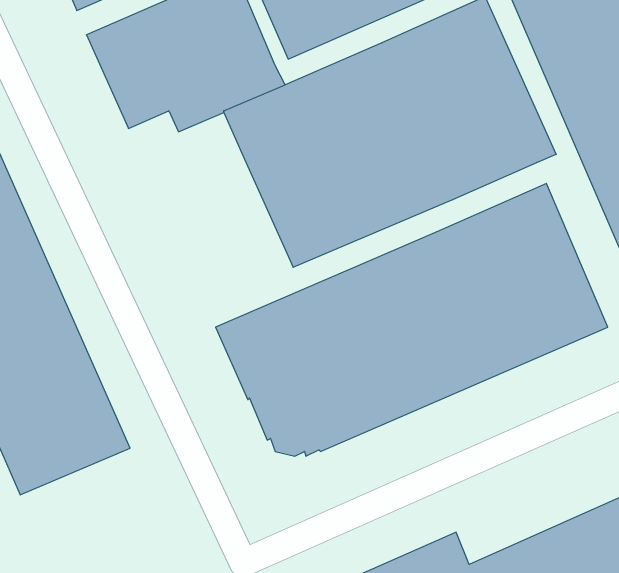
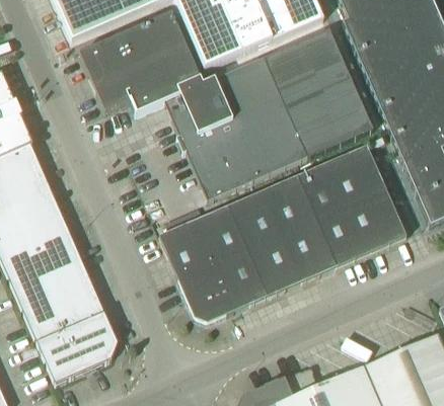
building: none -> [36,312,119,383]

